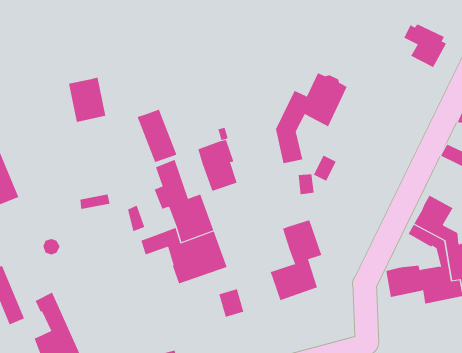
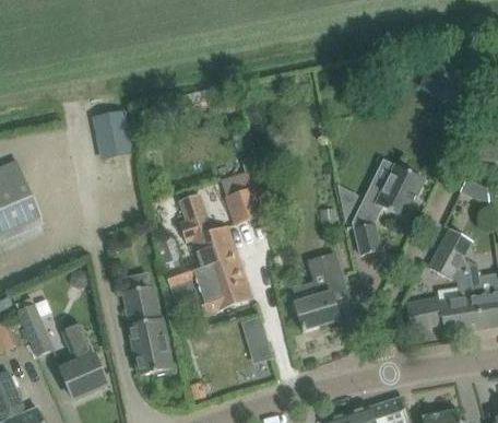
building: [275,72,348,164] -> [353,164,424,254]
building: [137,109,177,163] -> none
building: none -> [124,285,171,374]

